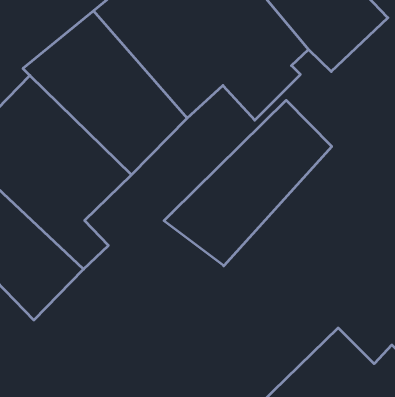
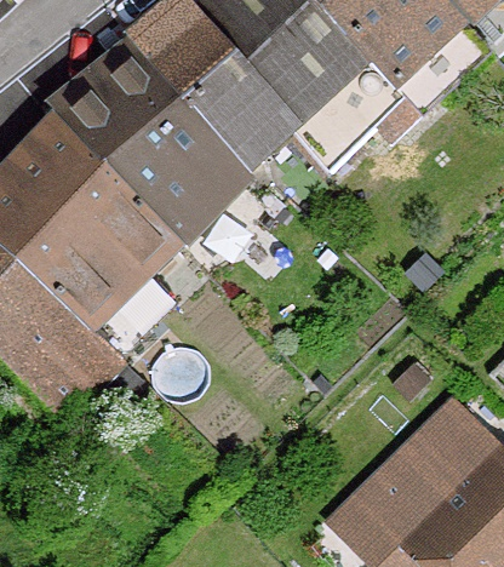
building: [164,100,332,266] -> none

